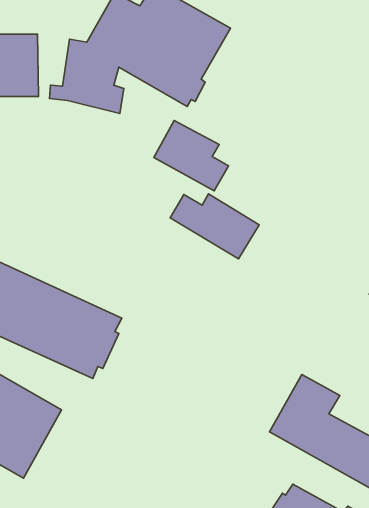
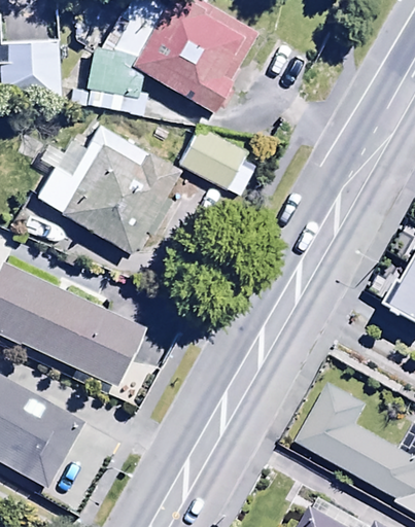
building: none -> [33,118,195,252]
building: [170,194,259,259] -> none

